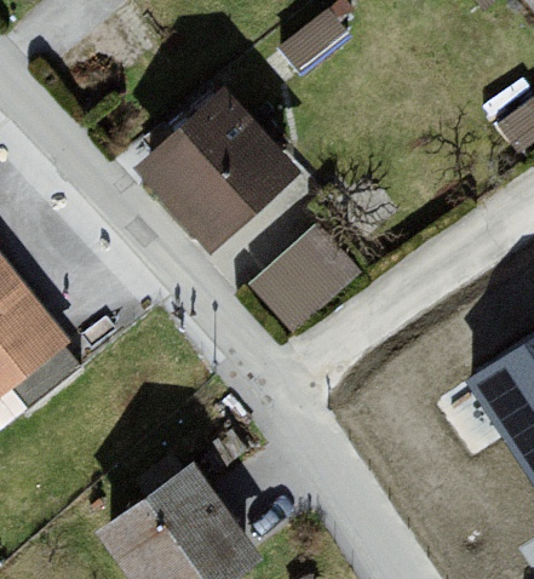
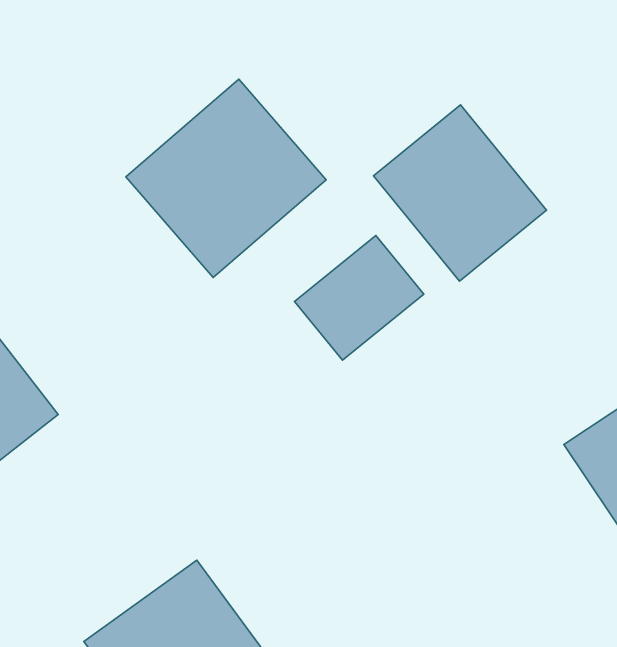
building: none -> [374,105,546,281]

